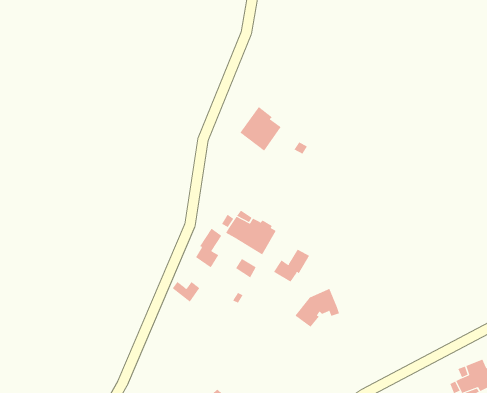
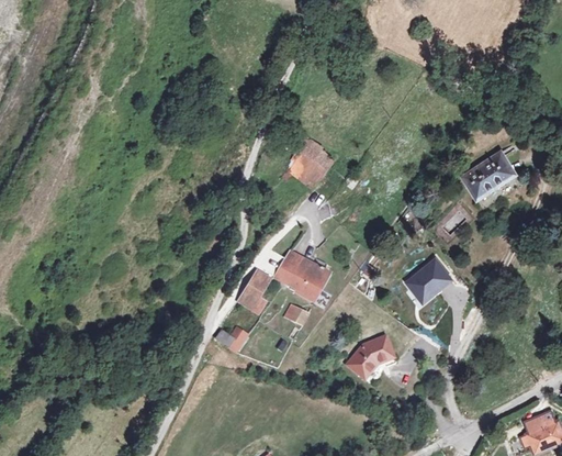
building: none -> [460,149,516,201]
building: none -> [409,260,456,305]
building: [273,249,310,282] -> none

